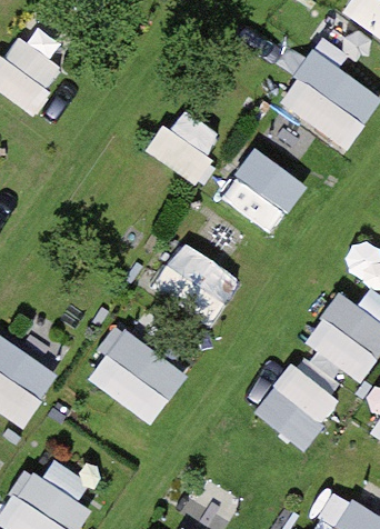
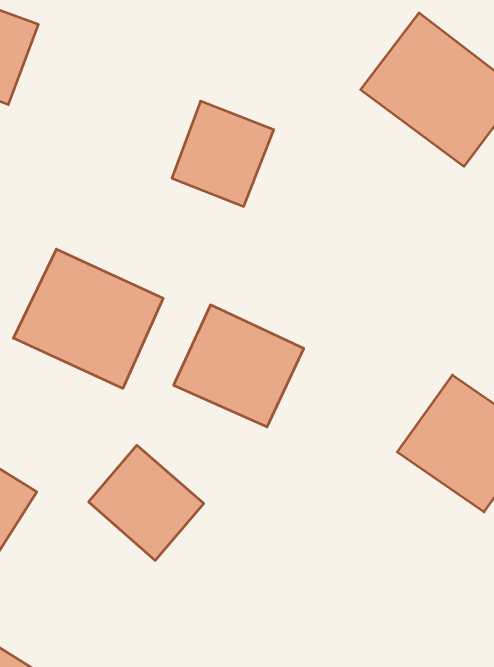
building: [213,144,307,236] -> none
building: none -> [13,249,163,388]
building: [251,362,340,450] -> none

